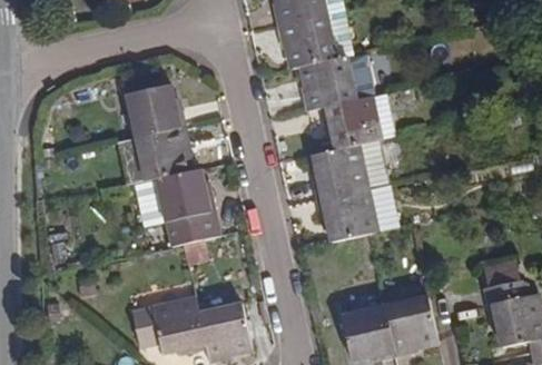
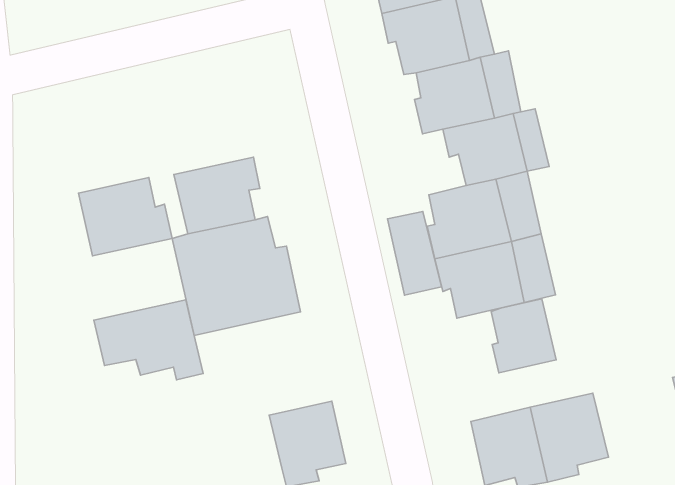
building: [119,85,186,140] -> [78,178,172,256]
building: none -> [387,211,442,295]
building: none -> [491,299,556,373]
building: [128,297,206,354] -> [94,300,203,380]

